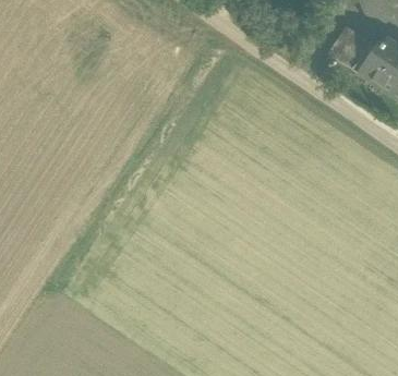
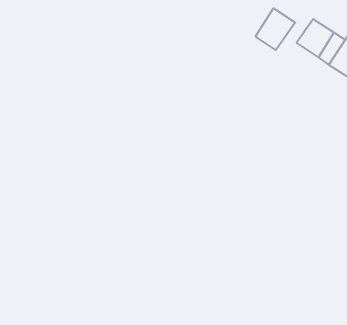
building: none -> [256,8,295,50]

